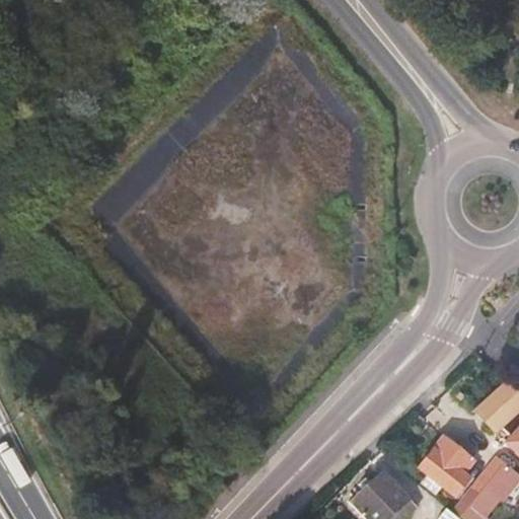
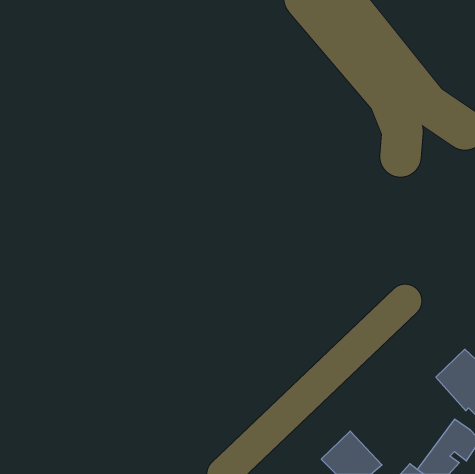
building: [421,436,473,492] -> none

